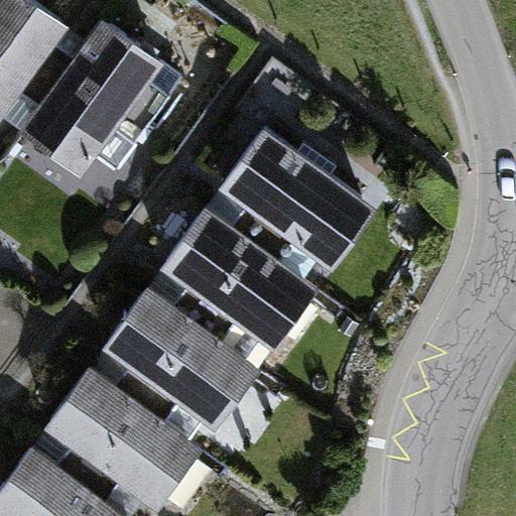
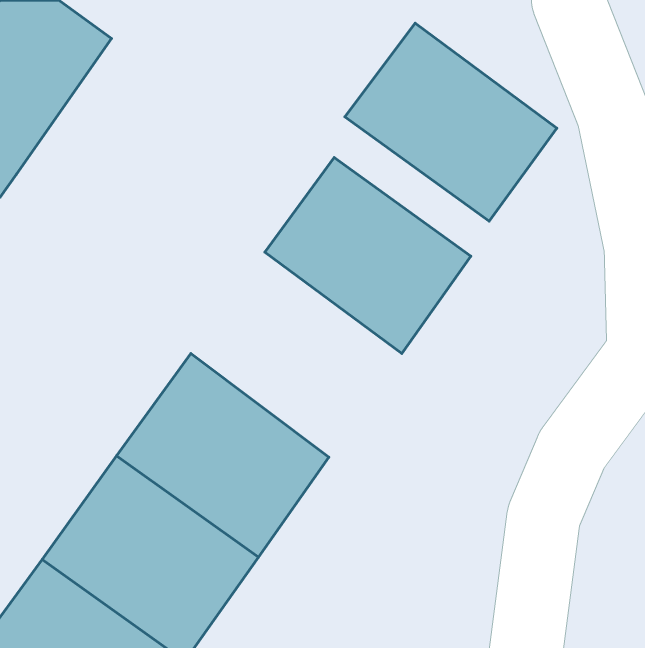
building: [13,16,192,206] -> none
building: none -> [345,23,557,221]
building: [150,204,316,365] -> none

